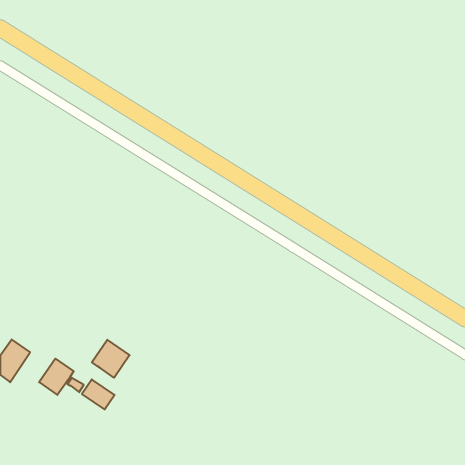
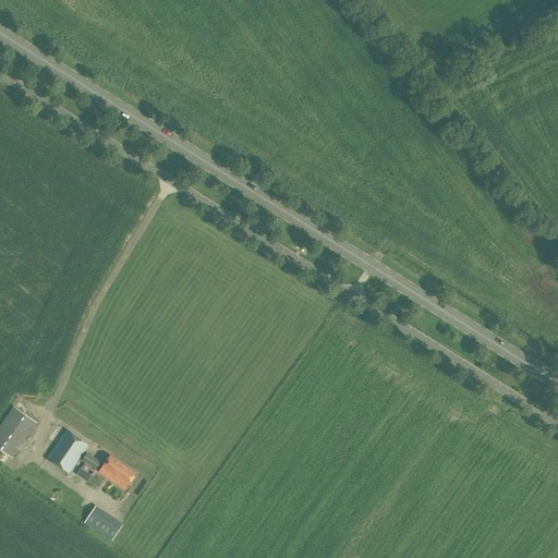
building: [92,340,130,378] -> none
building: none -> [84,506,122,541]

